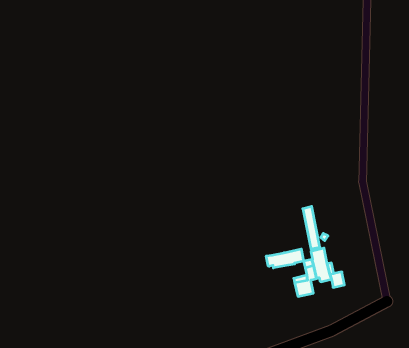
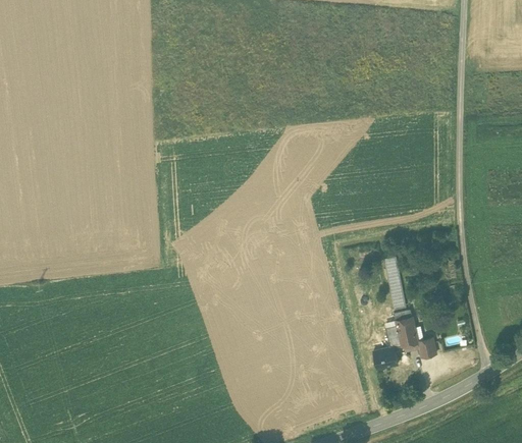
building: [266,249,304,268] -> none

